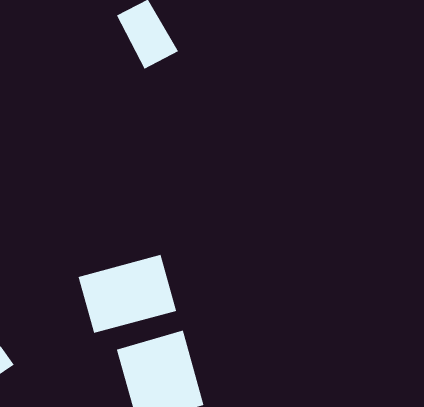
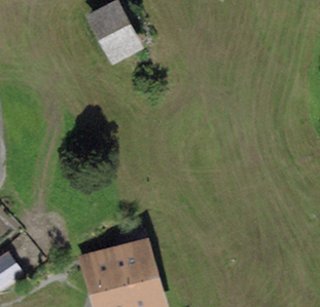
building: [77,254,177,334] -> none

